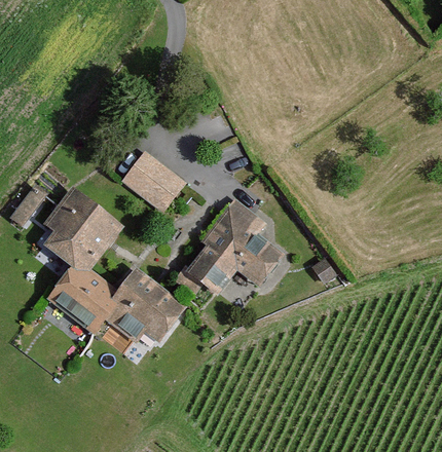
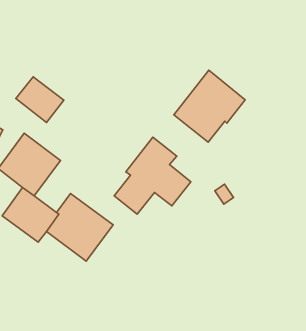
building: none -> [174,70,245,142]
building: [121,153,181,210] -> [16,77,64,122]

